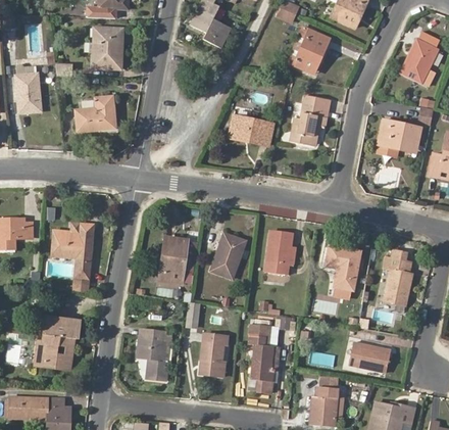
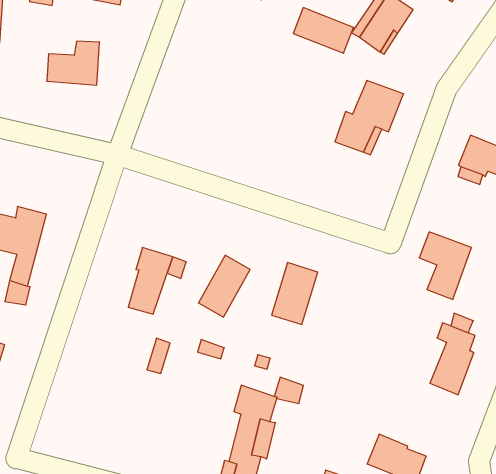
building: [230,117,271,145] -> [293,8,354,53]
building: [325,245,360,290] -> [419,232,471,299]
building: [137,330,171,380] -> none
building: [200,333,229,377] -> none

